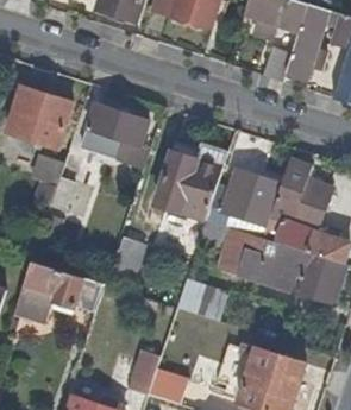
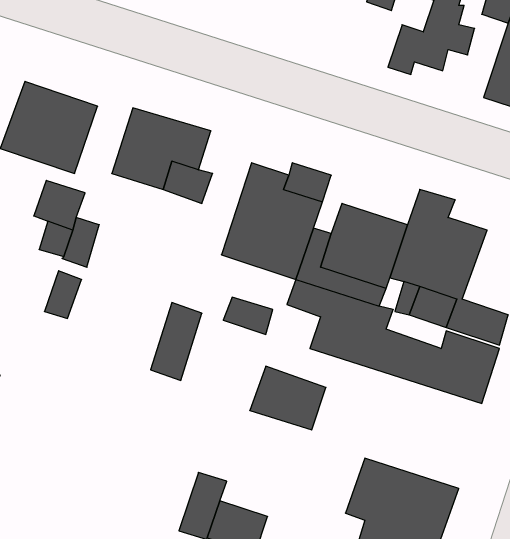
building: [13,259,104,321] -> none

